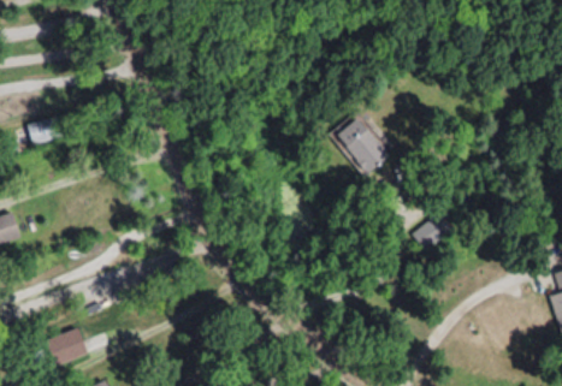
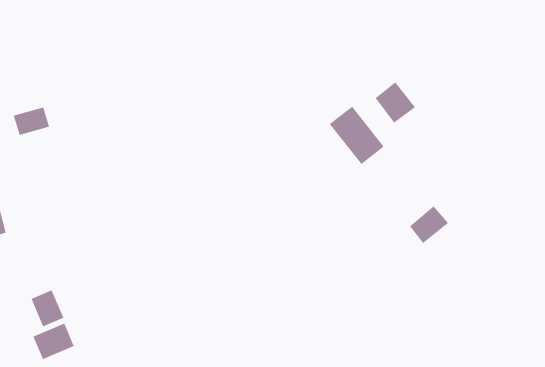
building: none -> [375,81,416,124]
building: none -> [31,289,64,327]

